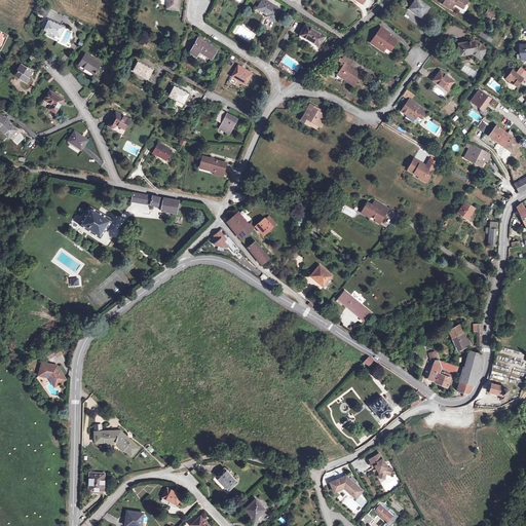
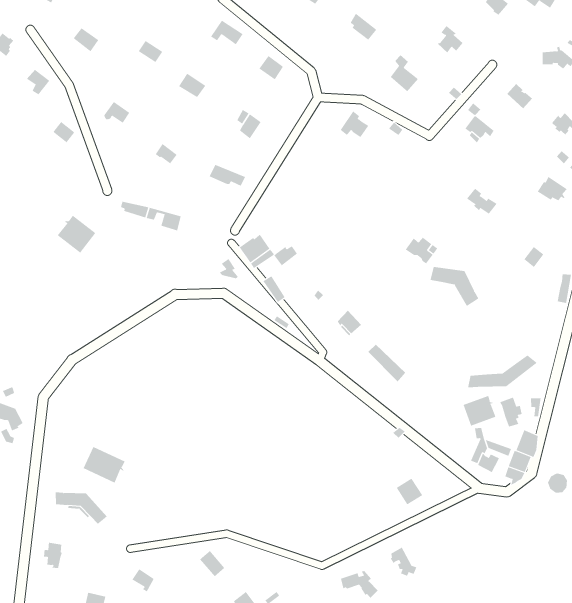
building: none -> [430,266,479,307]
building: none -> [467,354,538,388]
building: none -> [463,395,496,426]
building: none -> [83,446,125,484]

